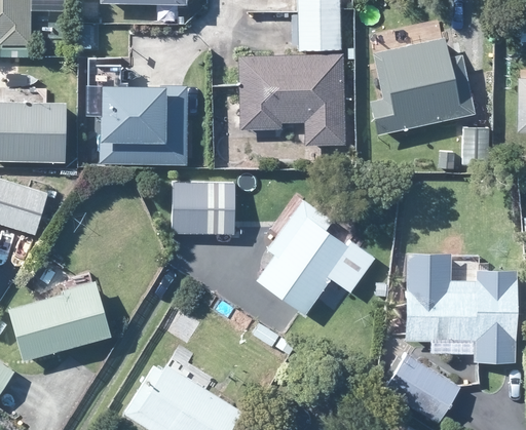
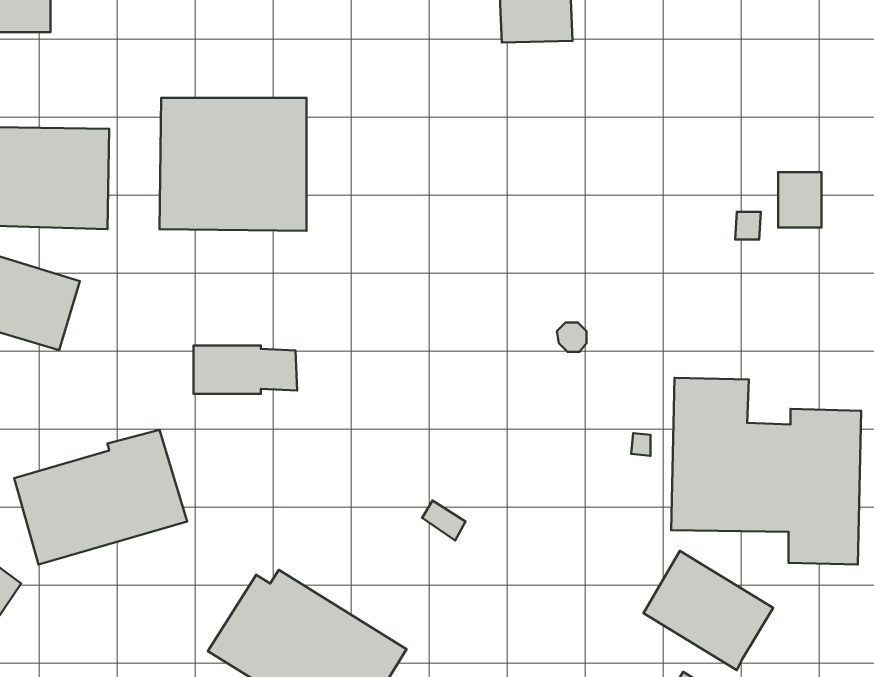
building: [370,38,475,135] -> none
building: [239,53,345,146] -> none
building: [168,183,230,211] -> [193,345,297,394]
building: [257,200,374,314] -> none

